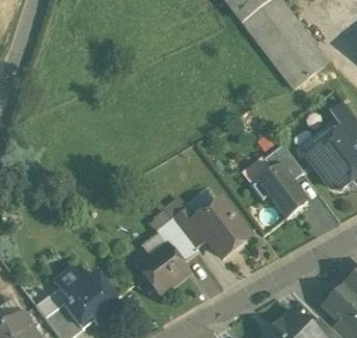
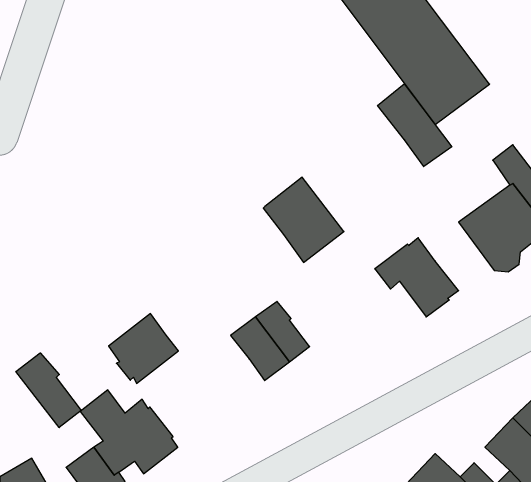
building: none -> [378,84,452,167]
building: [263,142,303,179] -> none
building: [194,198,248,255] -> [263,177,344,262]
building: none -> [16,353,81,428]
building: [139,244,186,291] -> [109,314,178,383]

